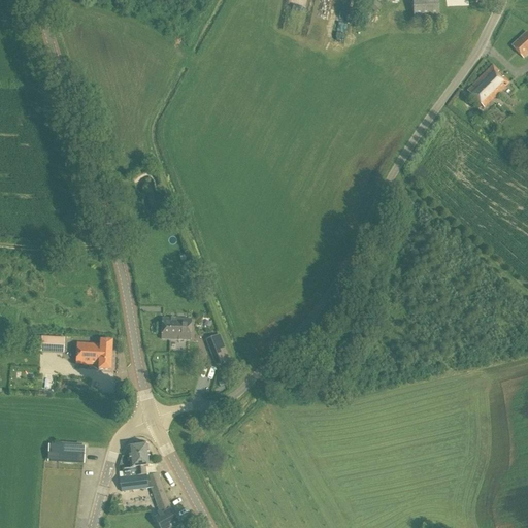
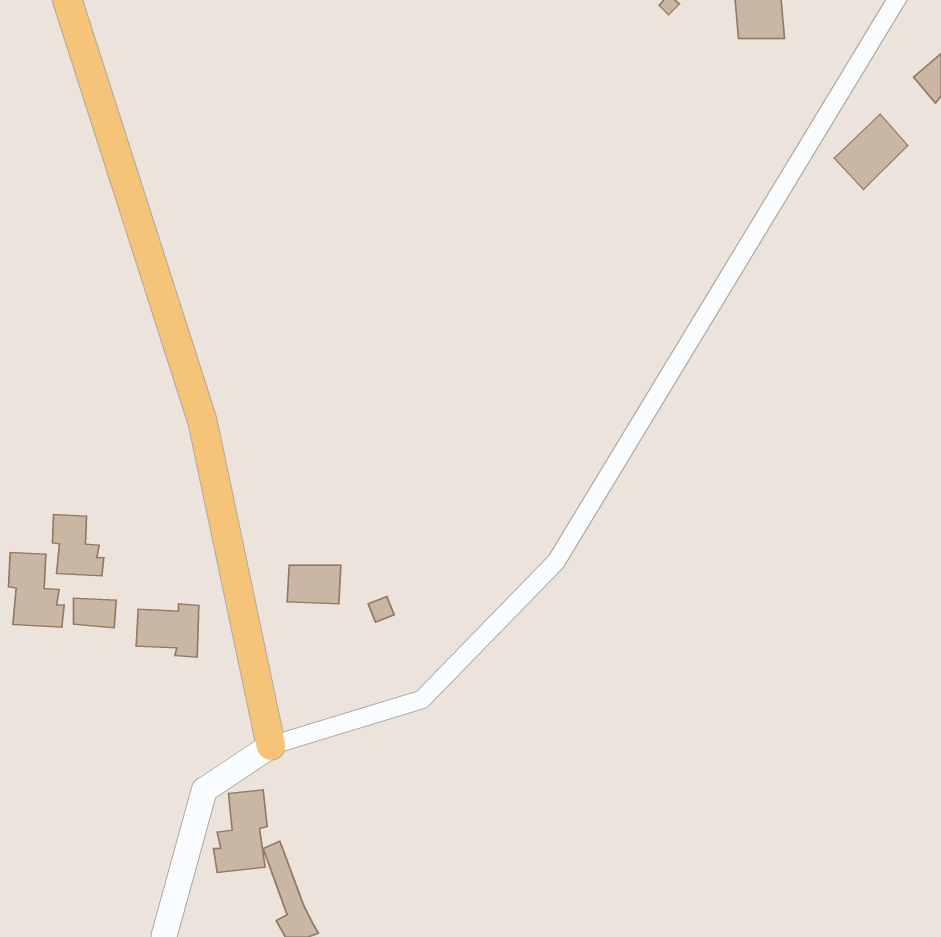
building: none -> [52,515,104,576]
building: none -> [9,552,64,627]
building: [47,443,85,462] -> none

